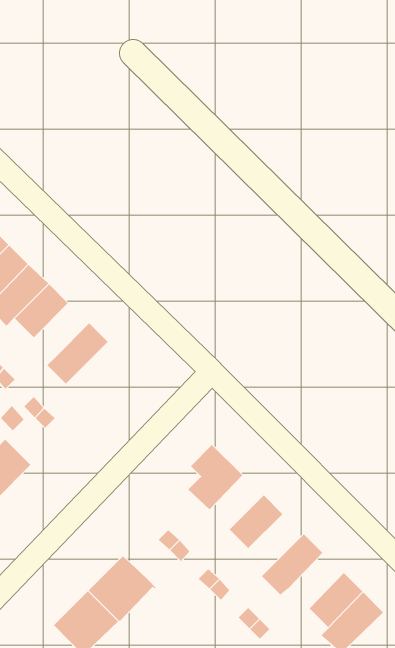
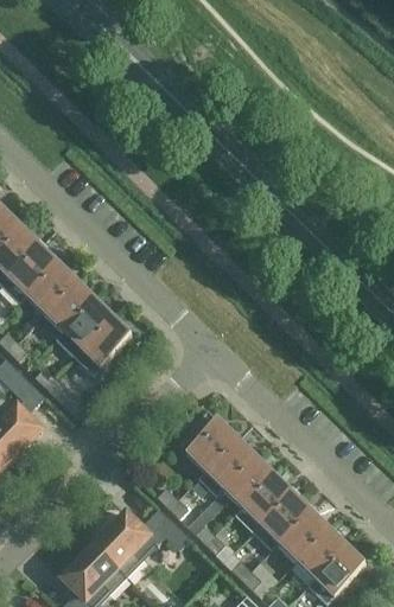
building: none -> [44,281,95,331]
building: none -> [74,317,132,375]
building: none -> [198,439,255,496]
building: none -> [235,474,292,531]
building: none -> [141,507,190,549]
building: none -> [278,510,329,561]

